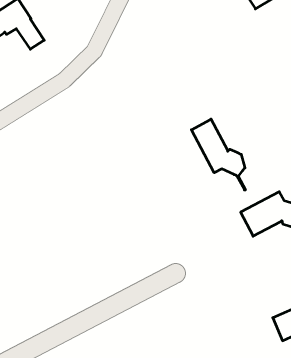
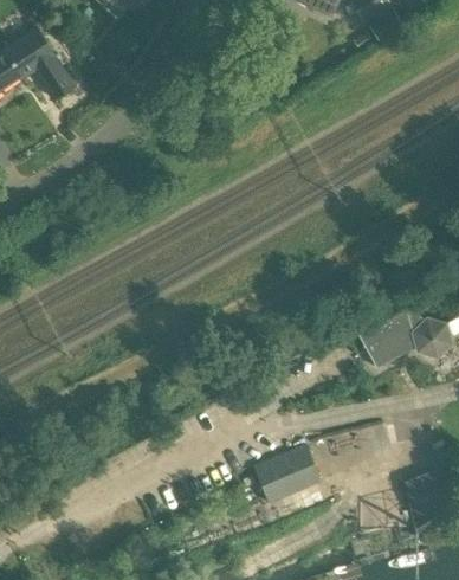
building: [191,119,245,190] -> none
building: none -> [253,444,321,502]

